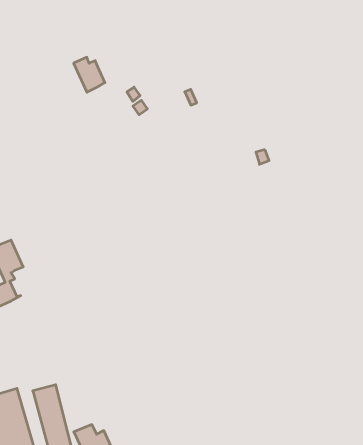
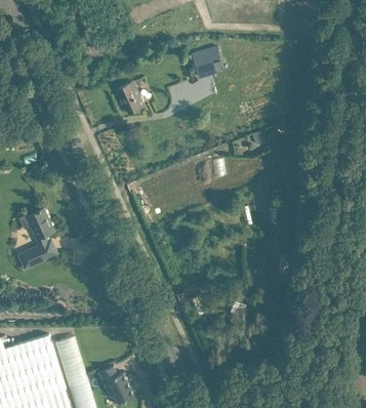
building: none -> [185,46,221,79]
building: [74,57,105,92] -> [117,85,144,115]

